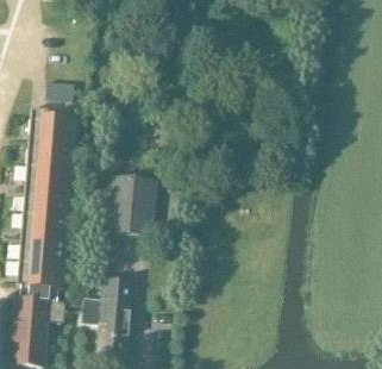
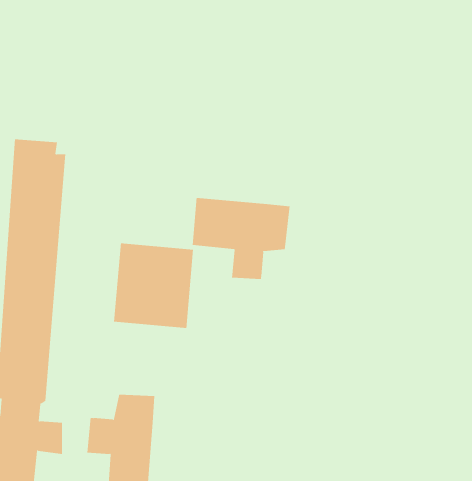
building: none -> [192,197,290,280]

